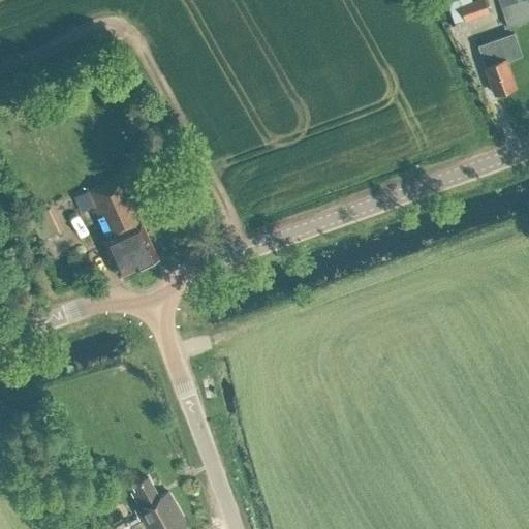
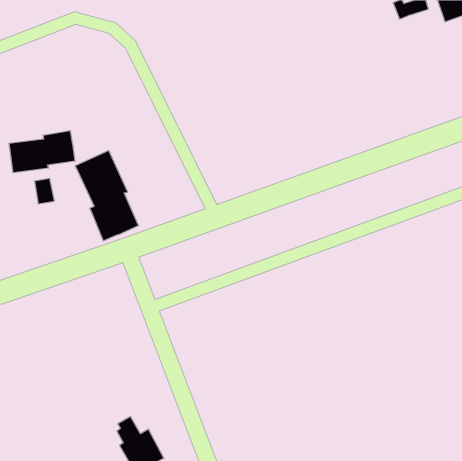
building: [479,34,522,95] -> none
building: none -> [9,131,75,173]

